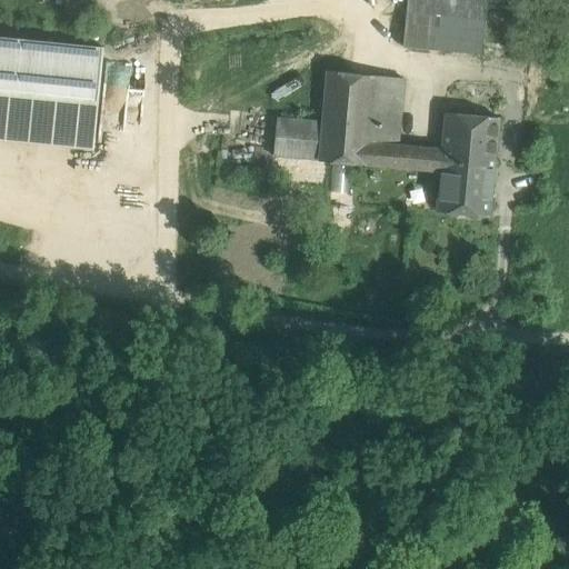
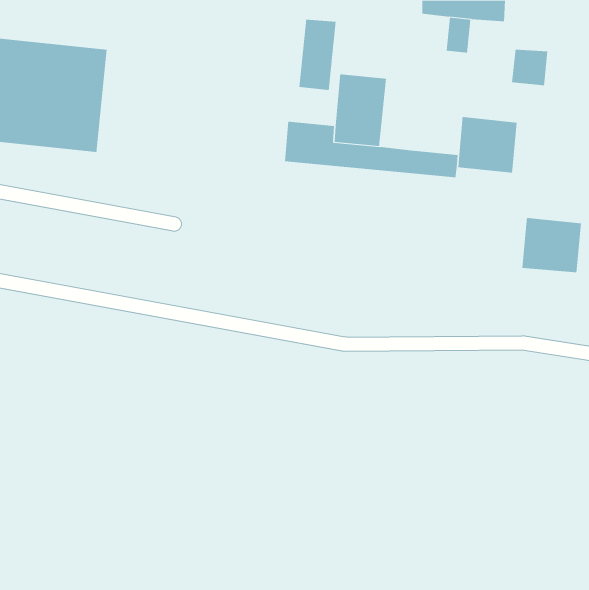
building: [402,13,432,49] -> none
building: [450,19,486,54] -> [511,49,548,86]
building: [366,76,402,144] -> [298,19,337,91]
building: [436,161,493,214] -> [522,217,582,273]

